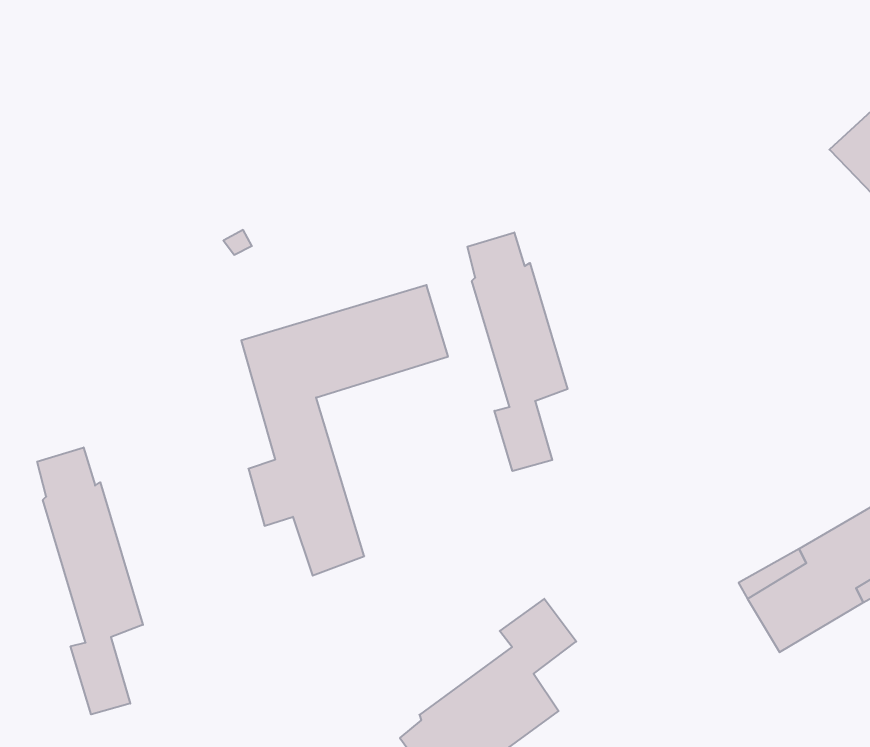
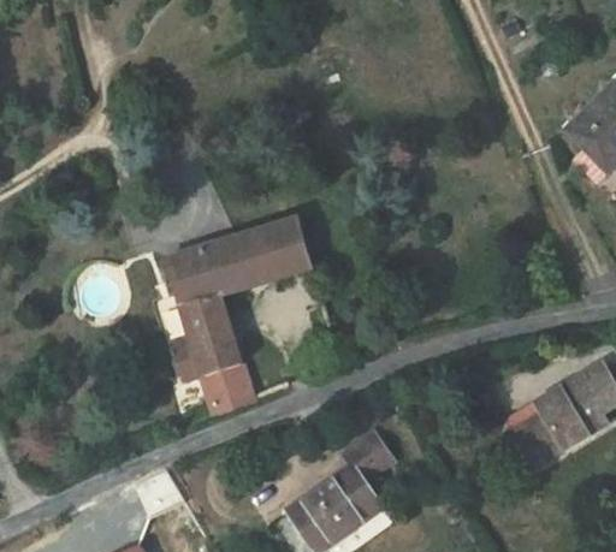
building: [467,232,568,471] -> none
building: [37,447,143,714] -> none

